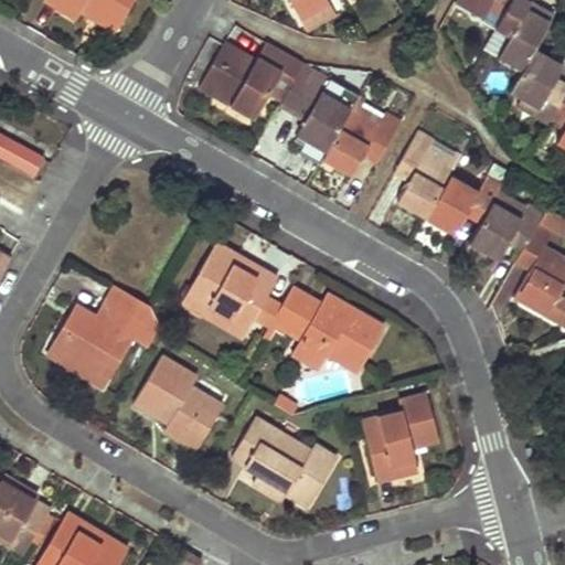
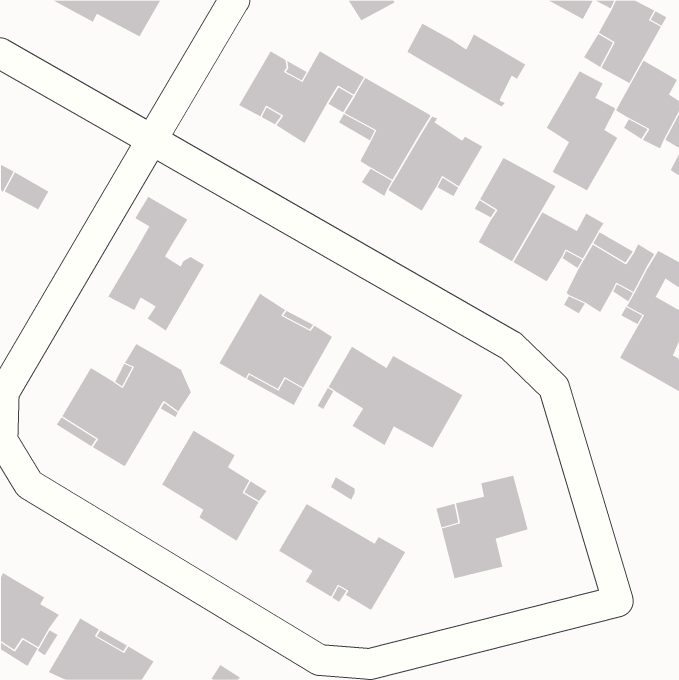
building: none -> [406,23,526,107]
building: none -> [546,70,618,191]
building: none -> [107,196,205,331]

